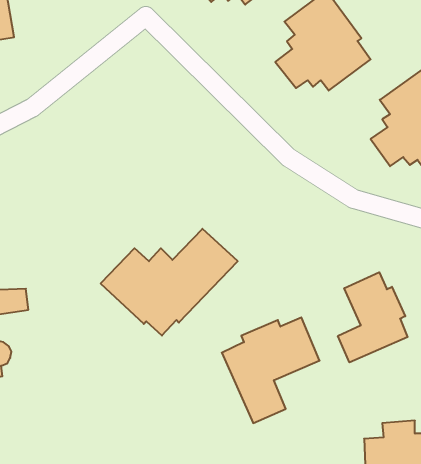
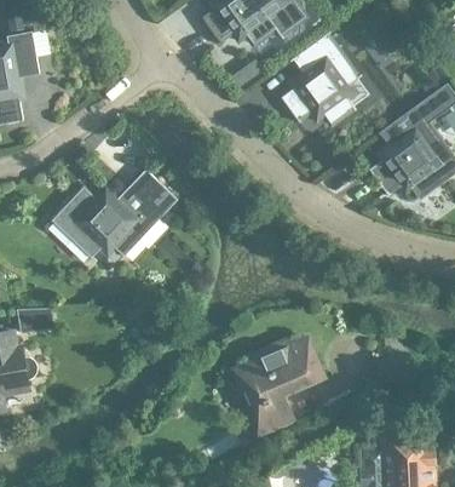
building: [101,229,238,336] -> [52,170,179,269]
building: [338,272,408,362] -> none

